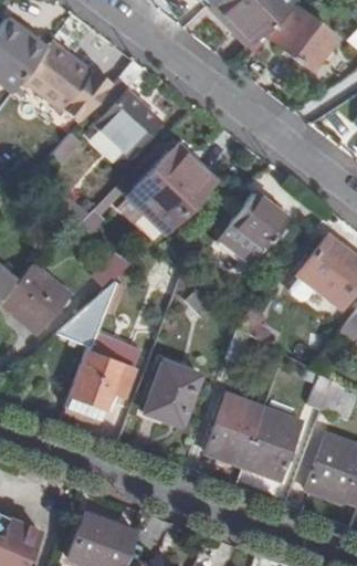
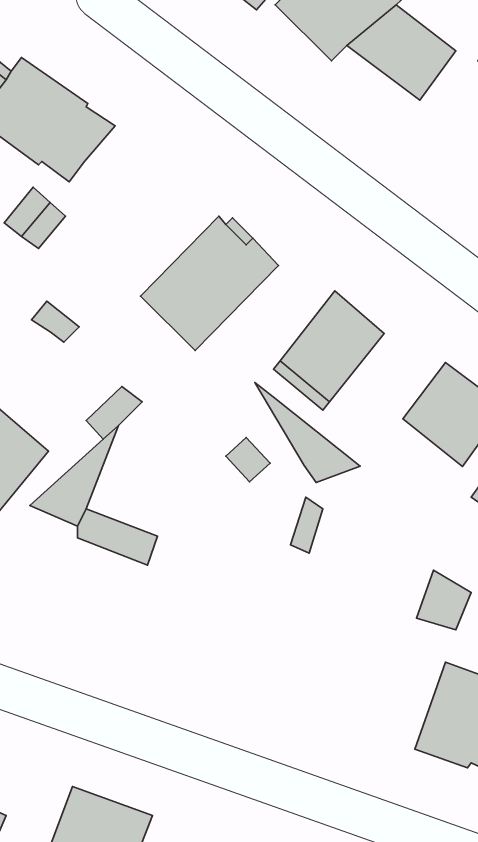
building: [92,59,158,155] -> none
building: none -> [255,382,360,482]
building: [66,352,133,419] -> none
building: [145,361,198,424] -> none
building: [207,395,300,478] -> none

